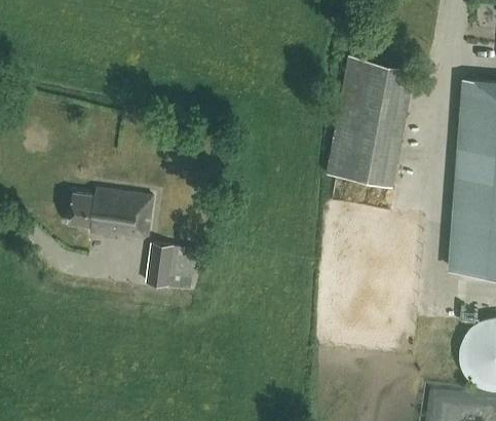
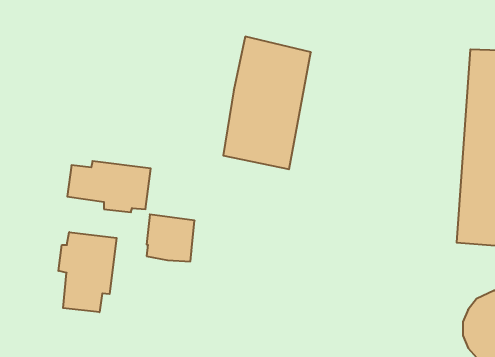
building: [328,56,414,187] -> [223,37,311,169]
building: none -> [58,232,117,312]

